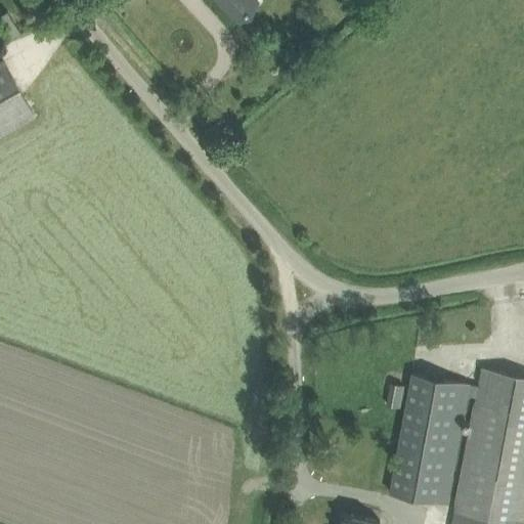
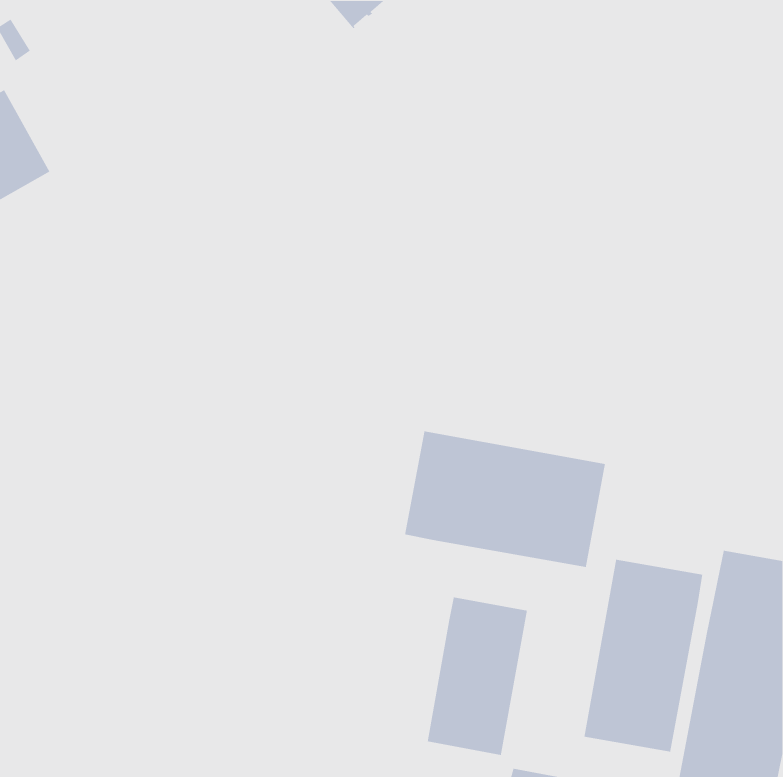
building: none -> [404,430,606,568]
building: none -> [427,596,528,756]

